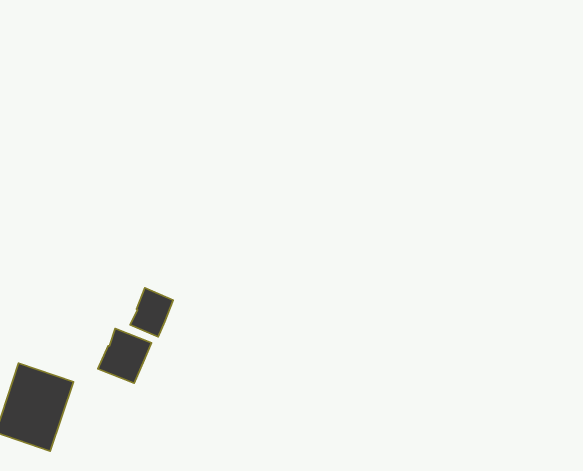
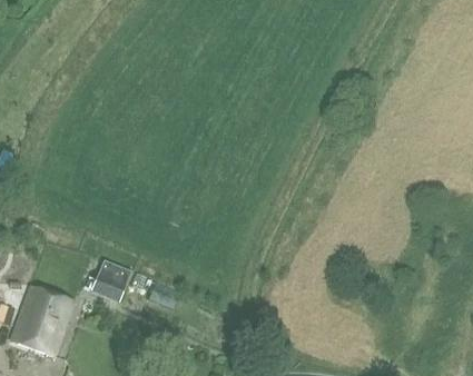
building: [130,288,173,337] -> none

